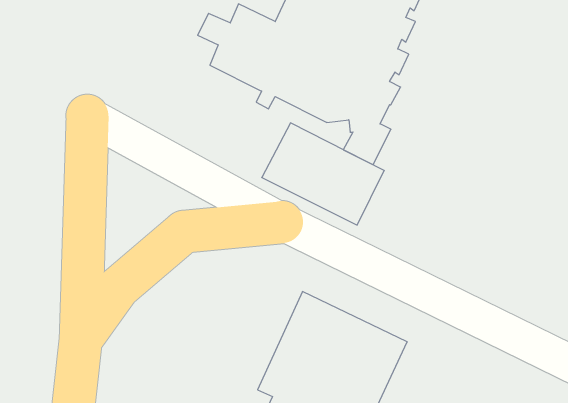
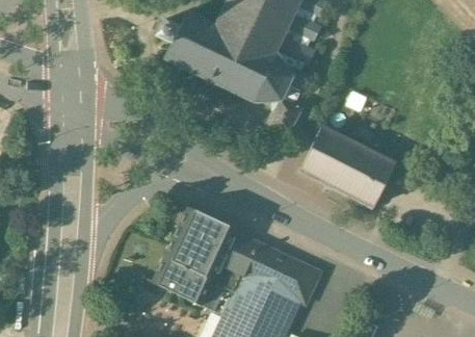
building: [262,123,384,225] -> [300,129,394,207]
building: none -> [152,208,237,307]

